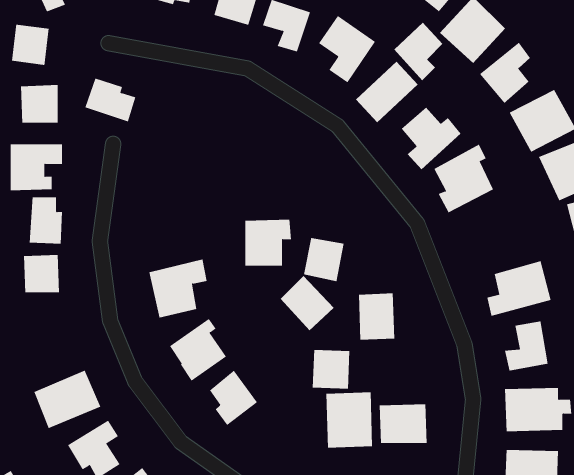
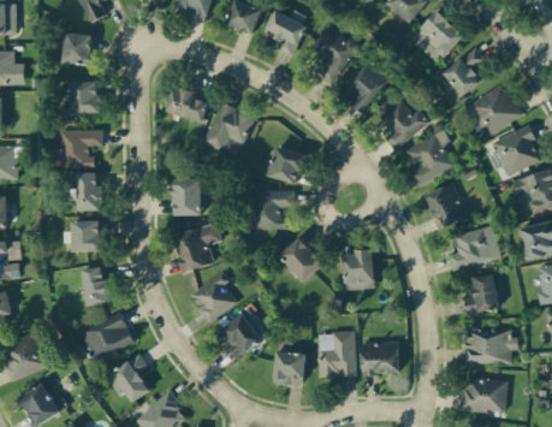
building: [393,22,443,81] -> none
building: [84,78,136,122] -> [166,85,208,121]
building: none -> [203,101,255,150]
building: none -> [174,178,202,215]
building: none -> [427,183,467,227]
building: [303,238,345,282] -> [268,147,302,183]
building: none -> [82,265,111,306]
building: [312,349,350,389] -> [274,351,305,384]

